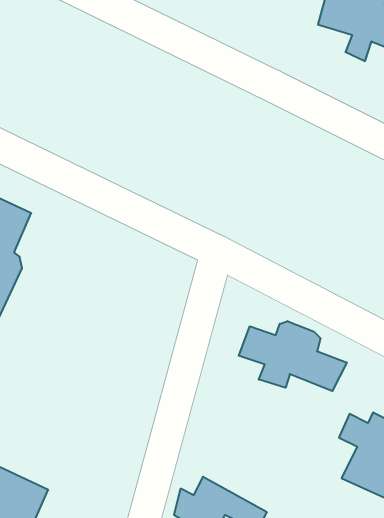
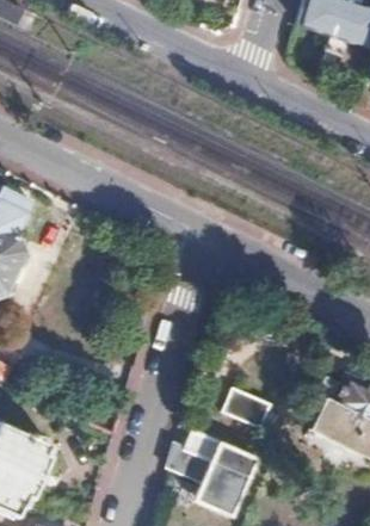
building: [239,321,347,391] -> none
building: none -> [224,385,272,426]

